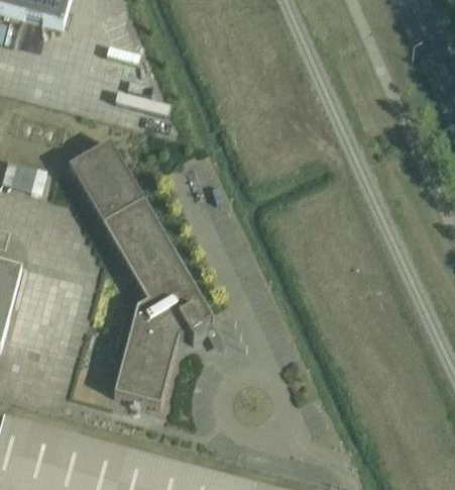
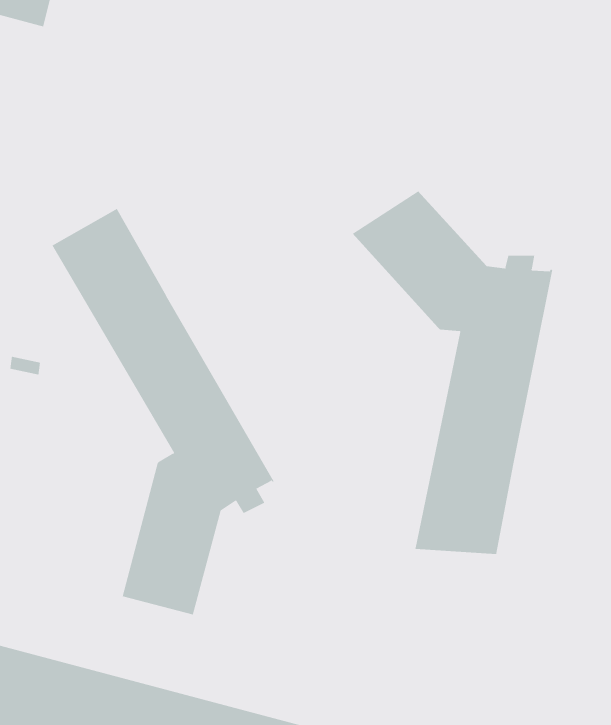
building: none -> [352,190,553,555]

